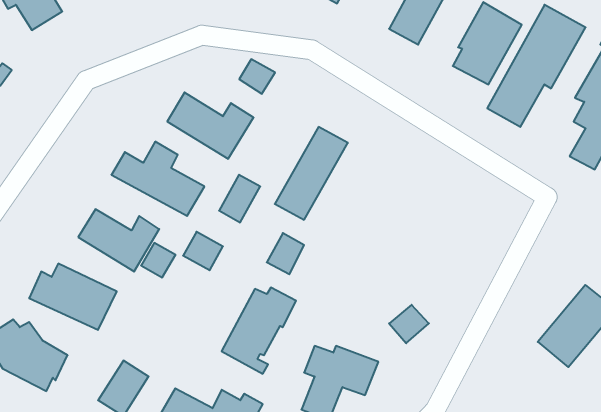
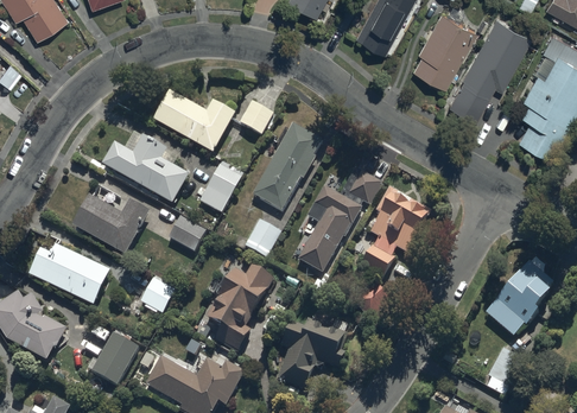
building: [239,59,275,94] -> [241,106,273,136]
building: none -> [297,171,381,272]
building: none -> [362,189,430,278]
building: [141,243,176,277] -> [142,281,173,312]

